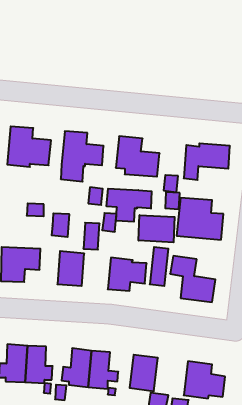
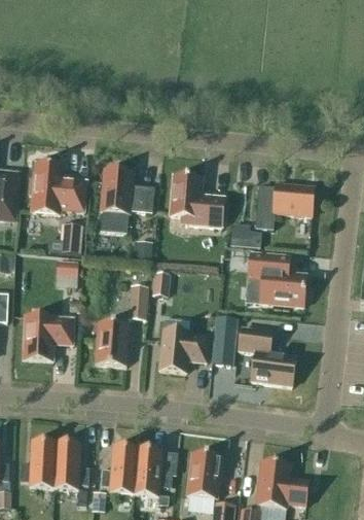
building: [107,189,152,222] -> none
building: [52,213,69,237] -> [61,223,83,253]
building: [139,215,175,242] -> none

